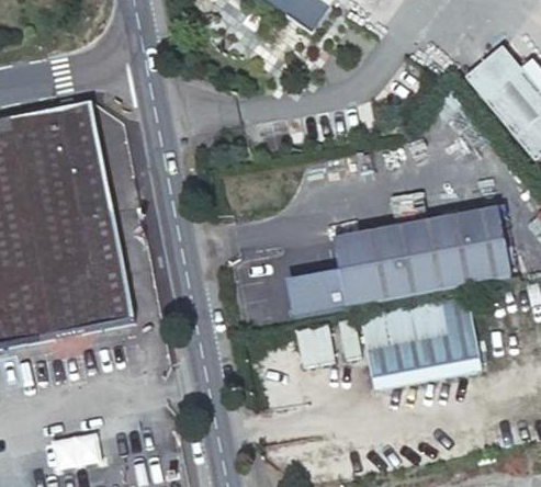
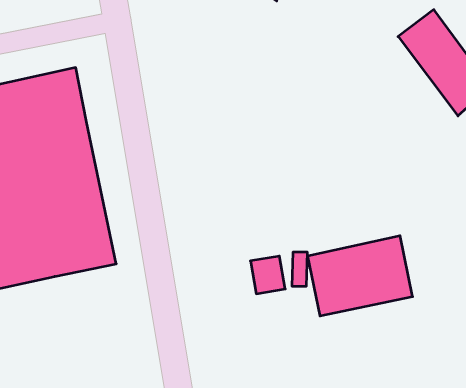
building: [282,205,505,314] -> none

